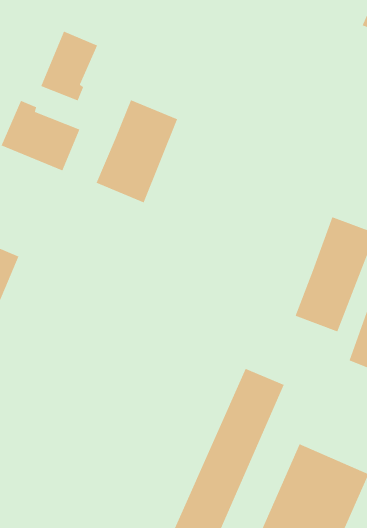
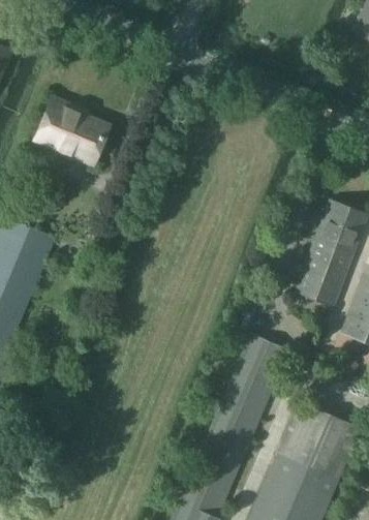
building: [40,31,98,102] -> none
building: [96,99,178,204] -> none

